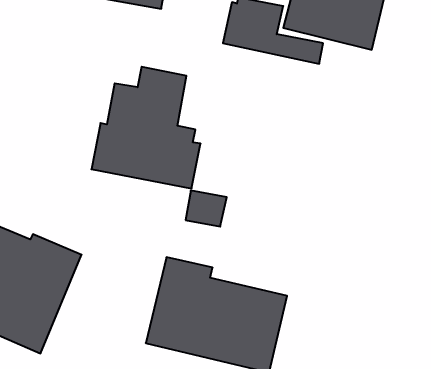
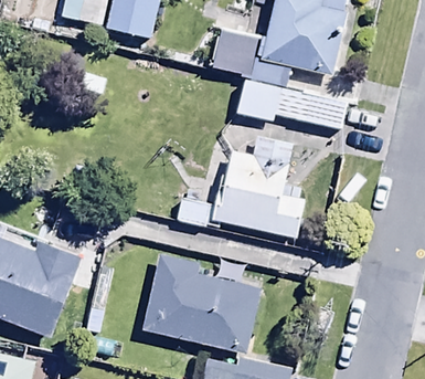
building: none -> [232,78,357,128]
building: [91,67,201,188] -> [210,134,304,239]

